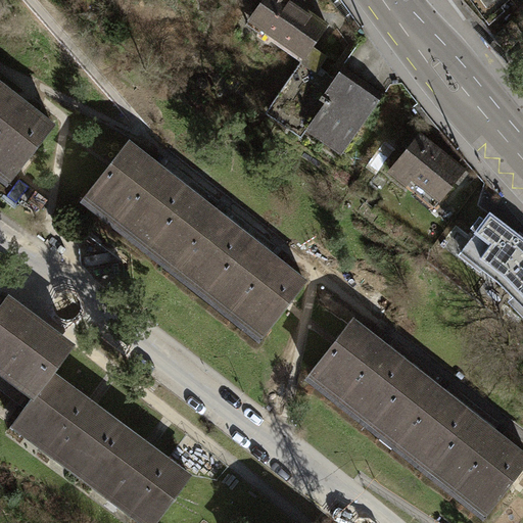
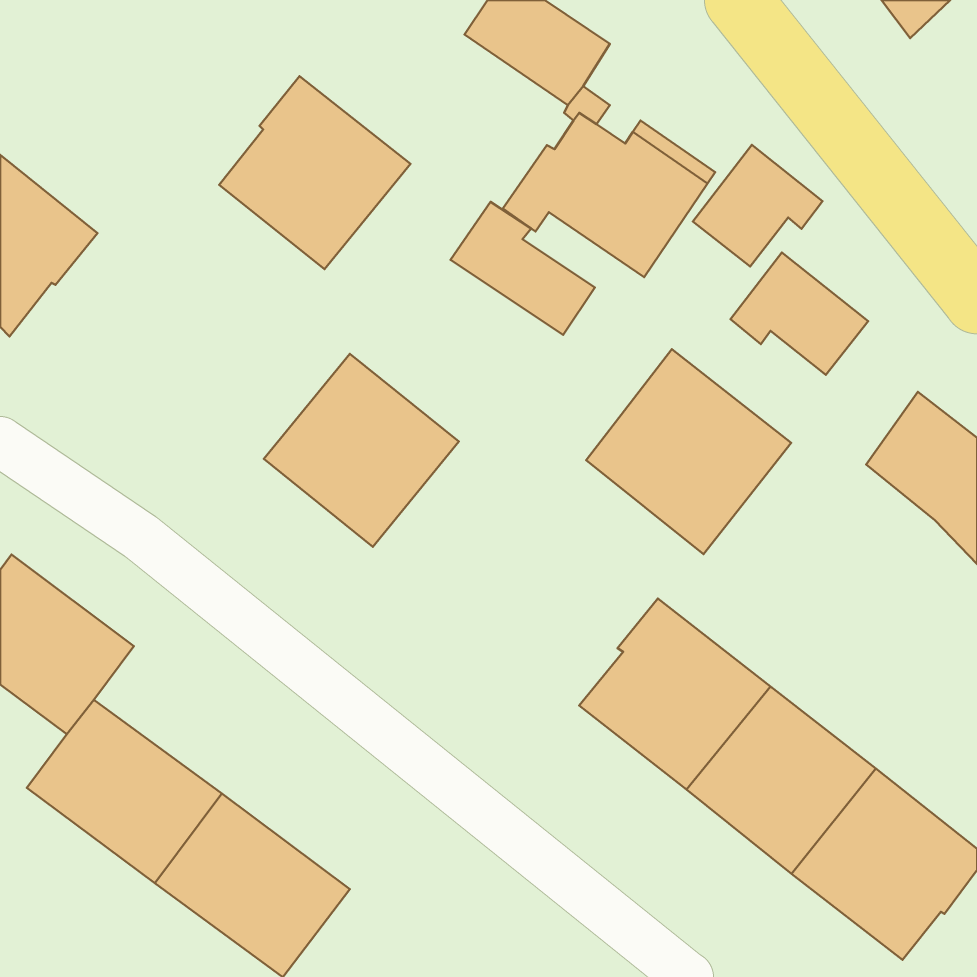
building: none -> [693,145,822,267]
building: none -> [450,202,595,335]
building: [85,142,187,245] -> [219,76,410,269]
building: none -> [586,349,791,554]
building: [199,236,302,337] -> none

